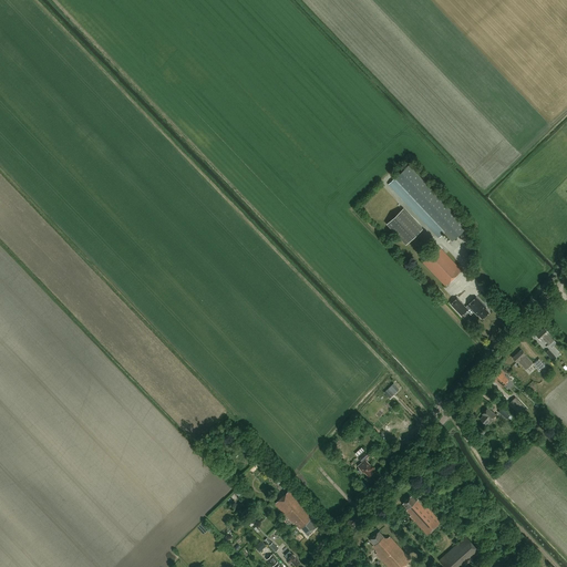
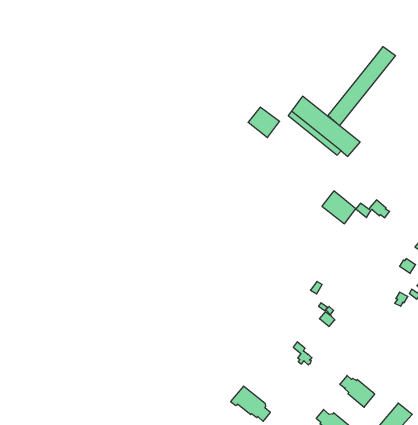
building: none -> [328,47,395,126]
building: [385,209,422,246] -> [248,107,280,138]
building: [422,247,461,287] -> [322,191,356,224]

